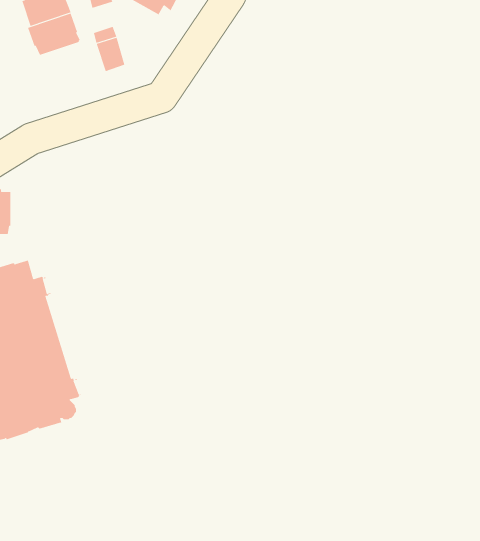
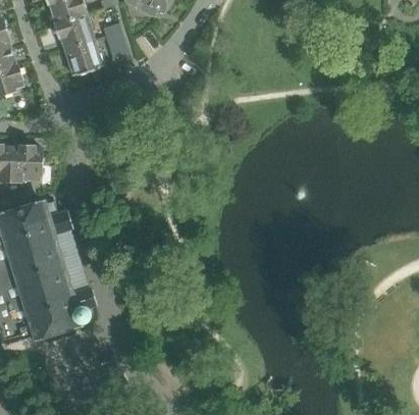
building: none -> [62,35,103,75]

